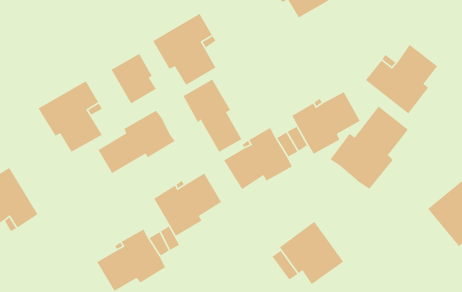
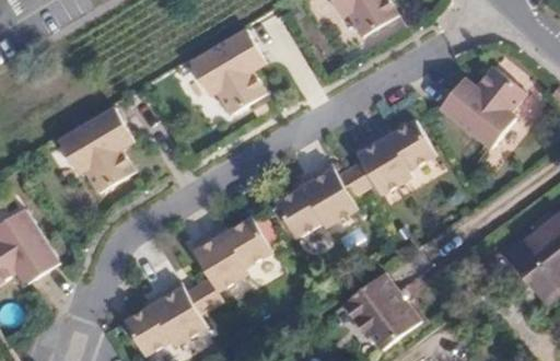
building: [111,53,157,105] -> none
building: [182,78,242,153] -> none
building: [330,106,409,190] -> none
building: [98,110,176,174] -> none

